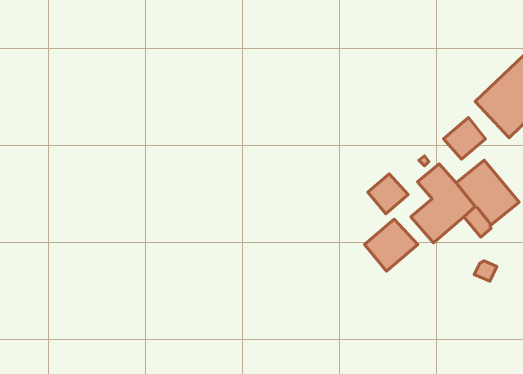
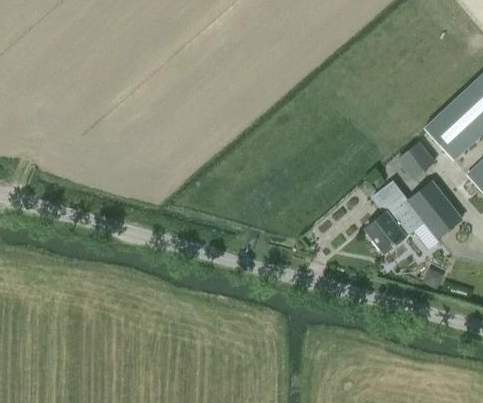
building: [368,174,408,214] -> none
building: [365,219,418,271] -> none

